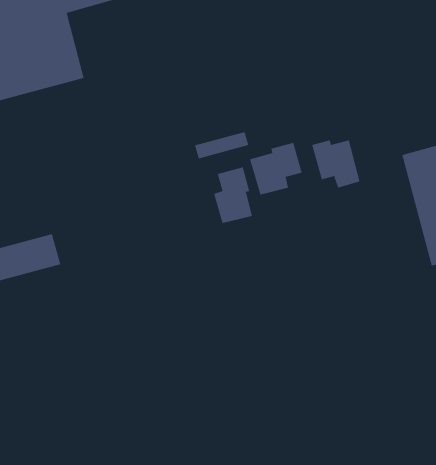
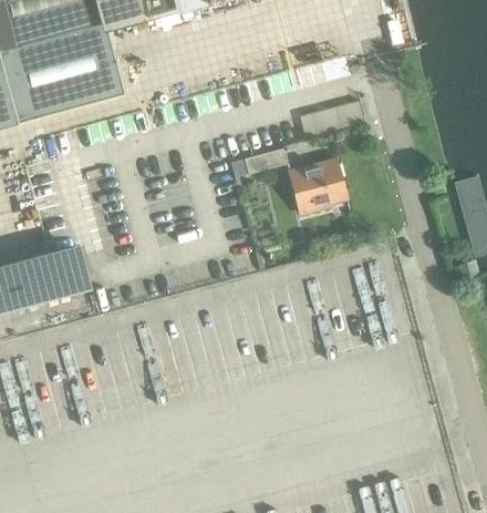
building: [312,139,360,189] -> none
building: [213,166,253,224] -> none

